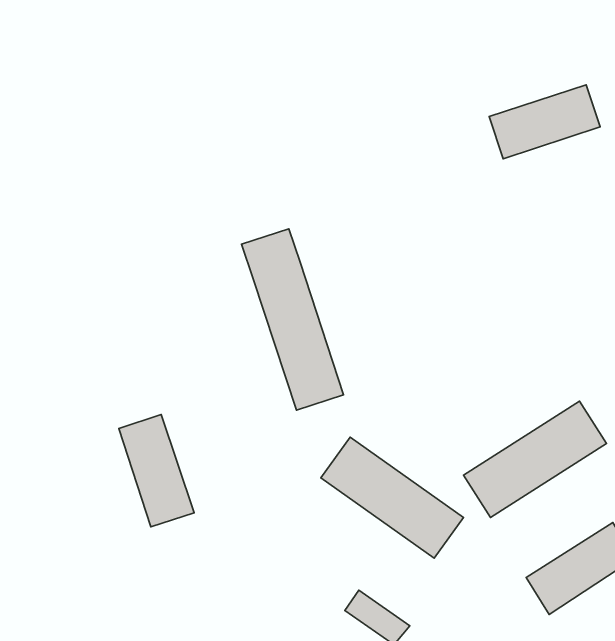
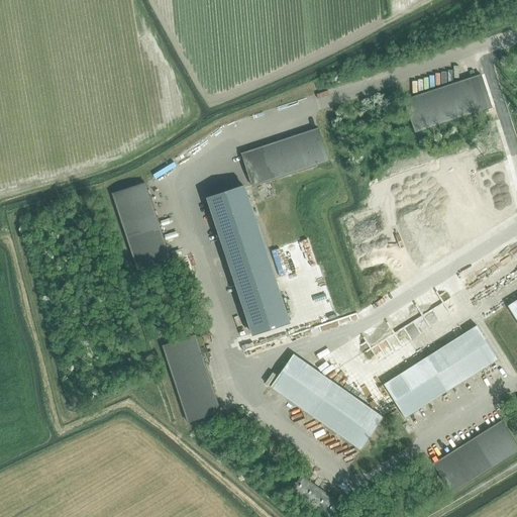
building: none -> [241,127,329,187]
building: none -> [111,182,171,271]
building: [119,415,194,527] -> [162,334,221,423]

